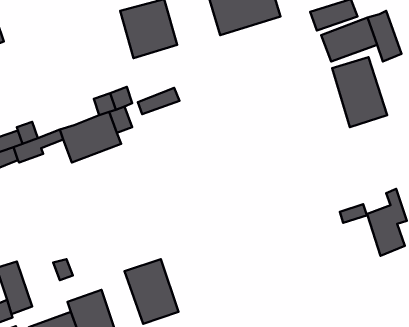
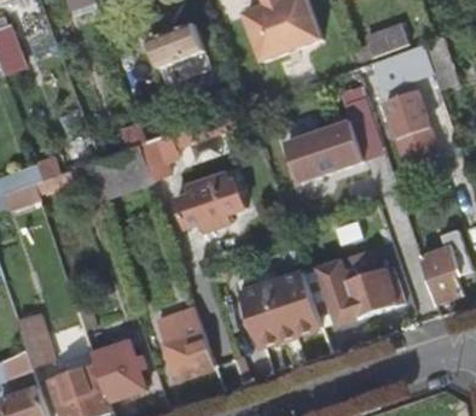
building: none -> [283,107,387,182]
building: none -> [172,171,243,228]
building: none -> [318,259,402,323]
building: none -> [239,269,321,346]

